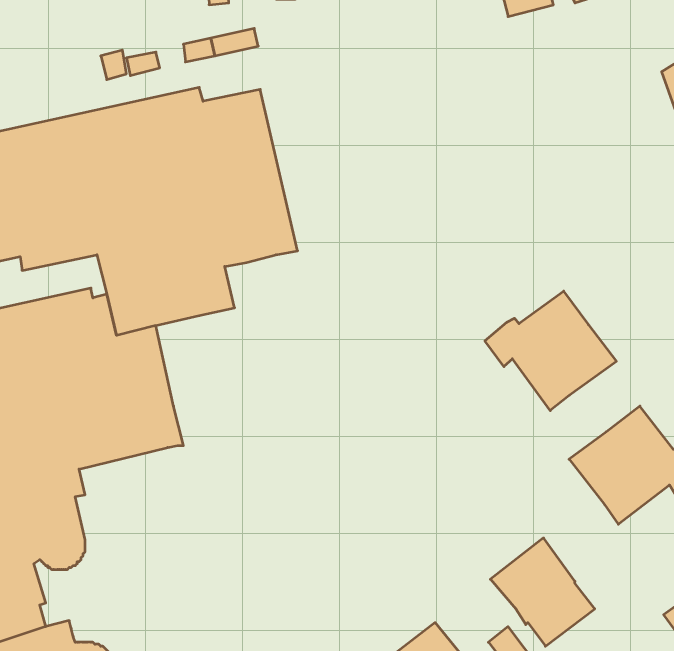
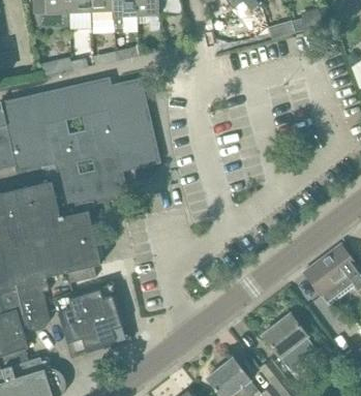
building: [485,291,616,411] -> none
building: none -> [53,279,131,358]

